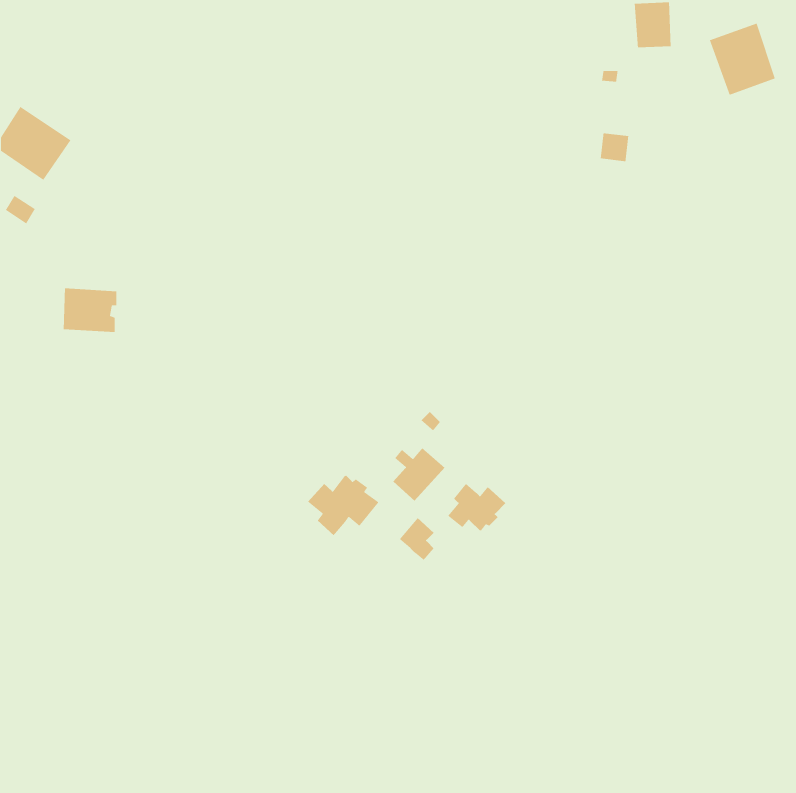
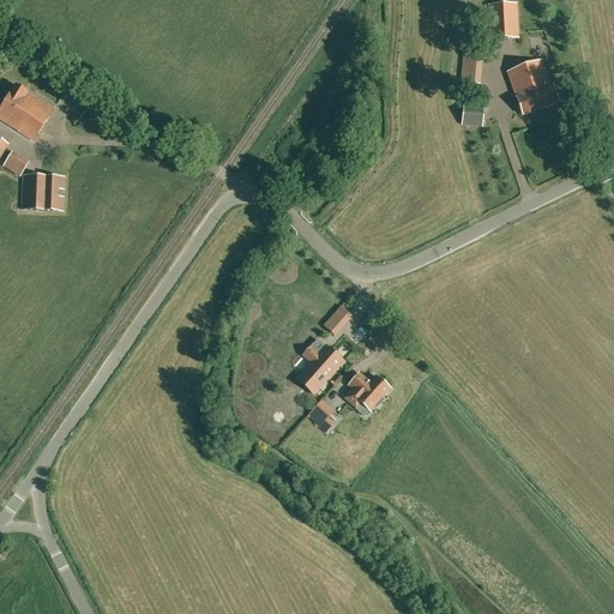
building: [709,23,776,96] -> [506,58,558,114]
building: [63,288,117,333] -> [22,174,64,209]
building: [307,475,379,536] -> none

